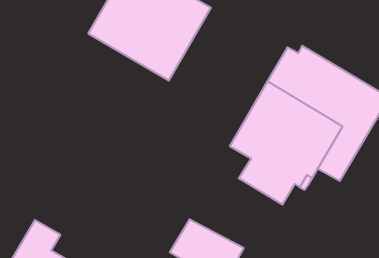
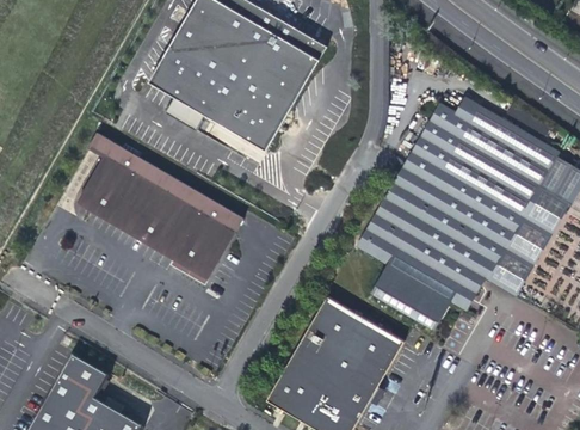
building: none -> [79,131,243,275]
building: none -> [295,300,402,394]

